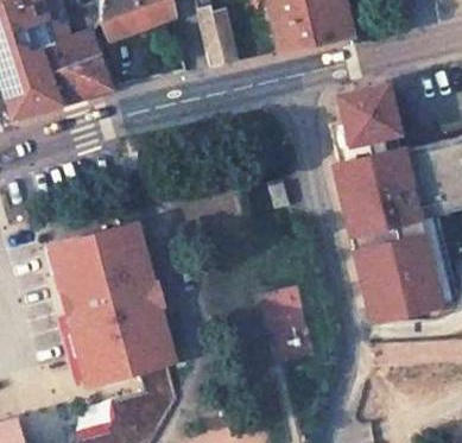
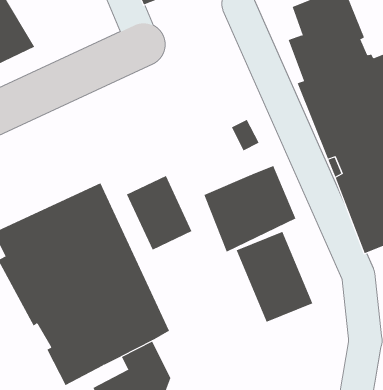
building: none -> [126,175,192,250]
building: none -> [204,165,296,253]

